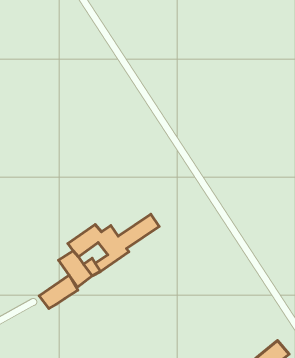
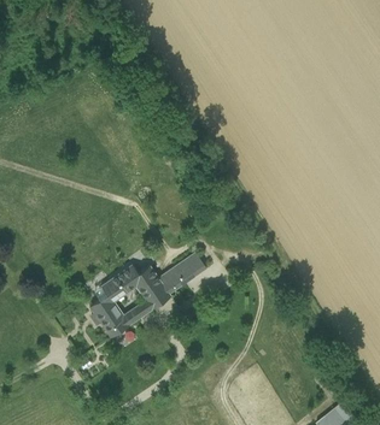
building: [39,275,78,309] -> none

